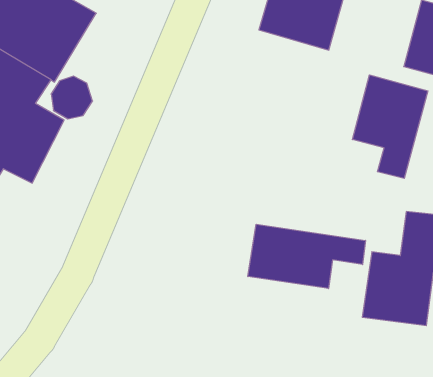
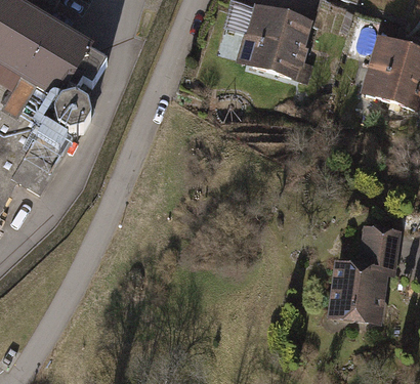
building: [352,75,428,178] -> none
building: [248,224,365,289] -> none

